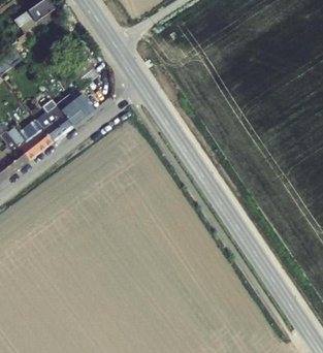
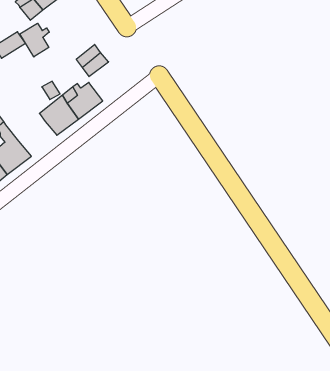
building: none -> [20,23,49,57]
building: [7,126,53,158] -> none

